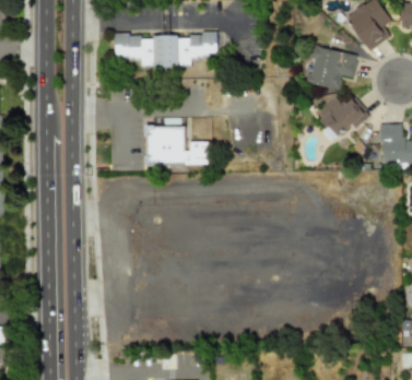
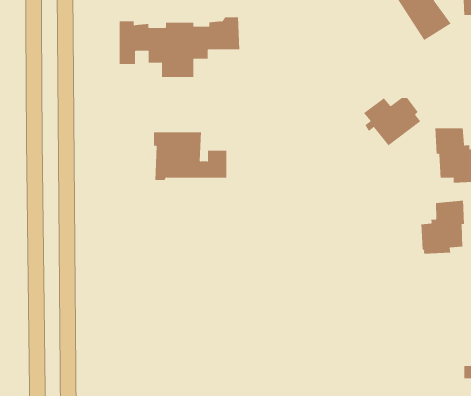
building: [305,41,358,88] -> none
building: none -> [421,200,465,254]

